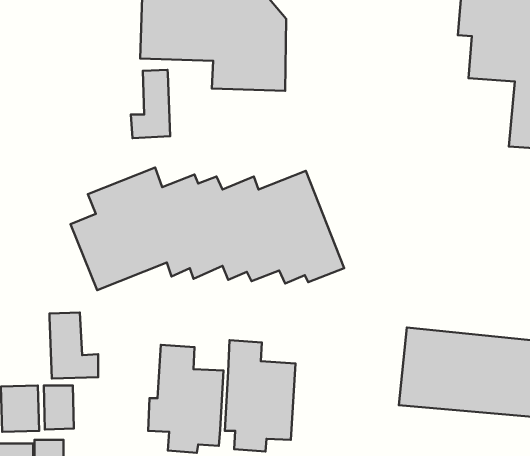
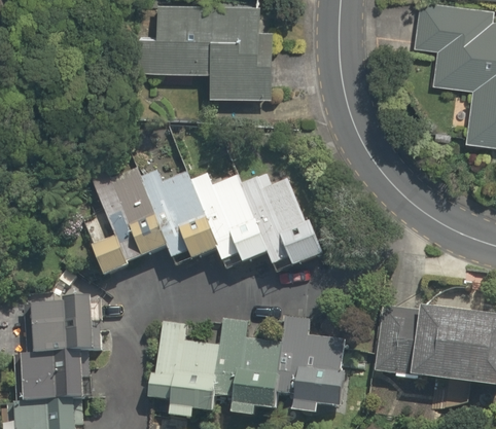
building: [131,70,170,138] -> none
building: none -> [22,296,63,353]
building: none -> [289,338,345,412]

